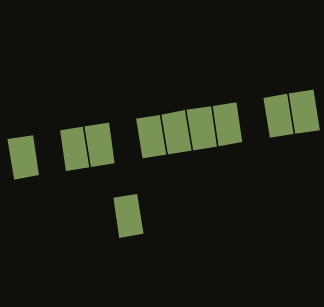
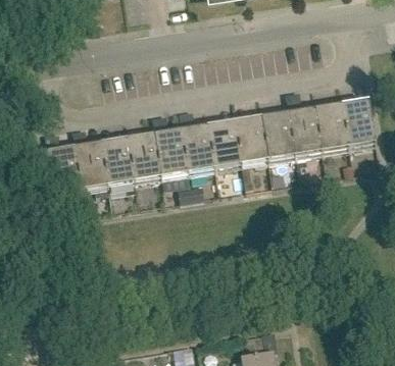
building: none -> [287,109,320,156]
building: none -> [73,143,106,191]
building: [113,193,145,239] -> [153,130,187,178]

